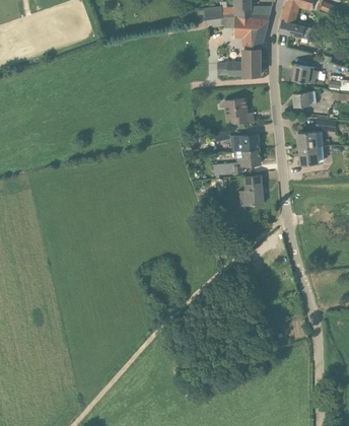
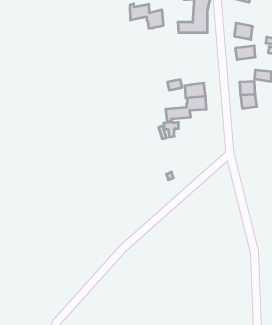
building: none -> [130,4,163,28]
building: [225,98,248,123] -> none
building: [238,175,264,207] -> none

